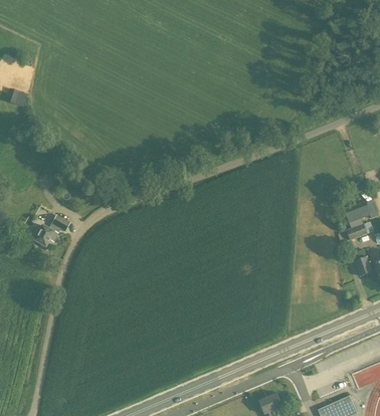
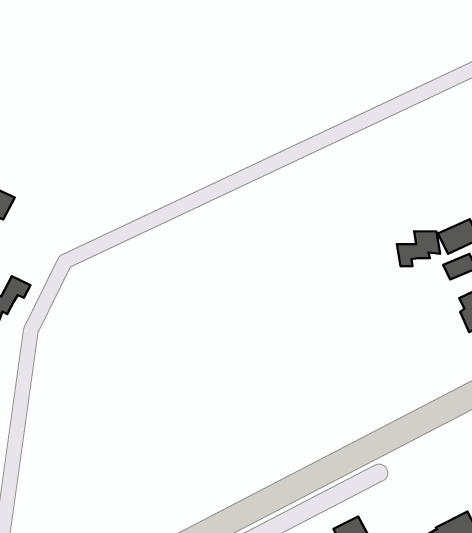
building: none -> [397,231,440,266]

